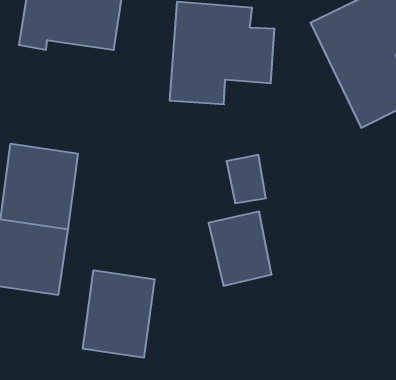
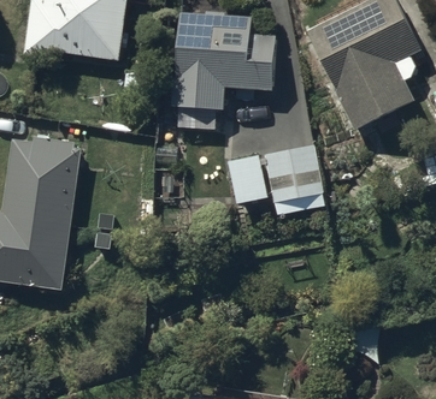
building: [209,212,272,286] -> [264,145,325,218]
building: [83,270,155,358] -> none

